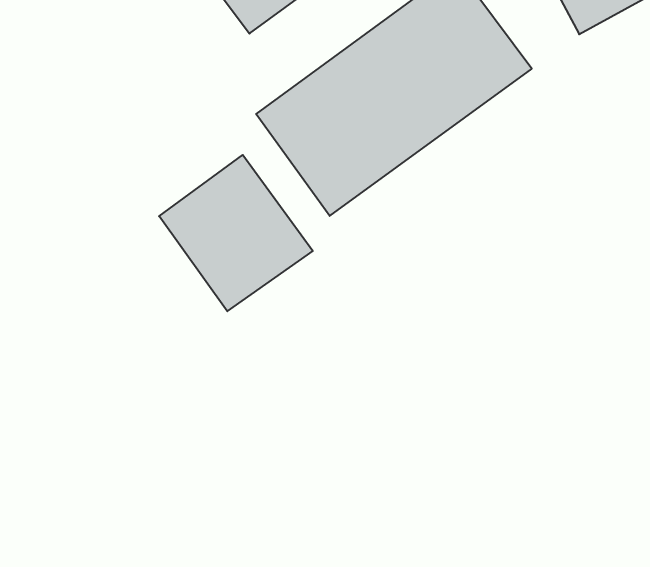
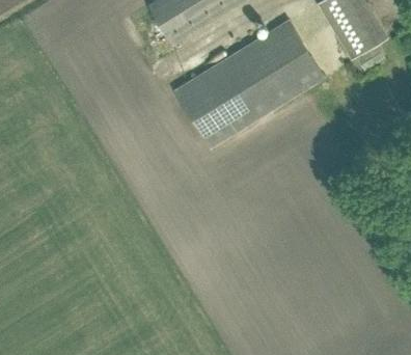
building: [159,155,313,311] -> none

